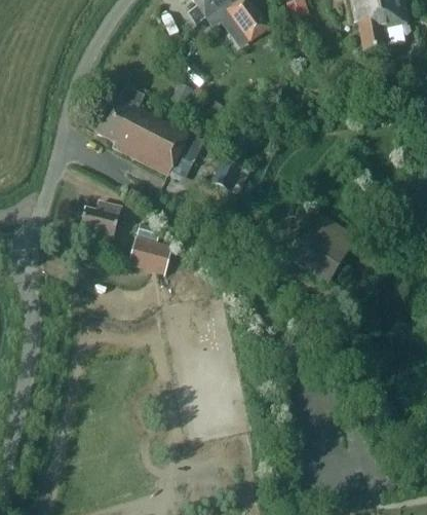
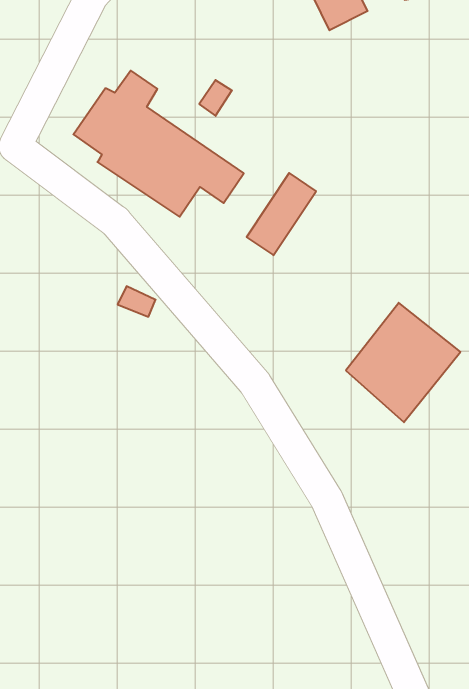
building: [79,201,121,237] -> none
building: [129,236,171,270] -> none

